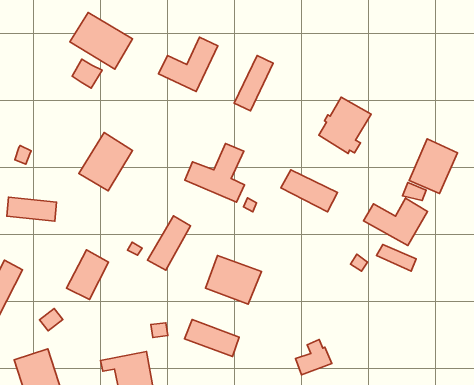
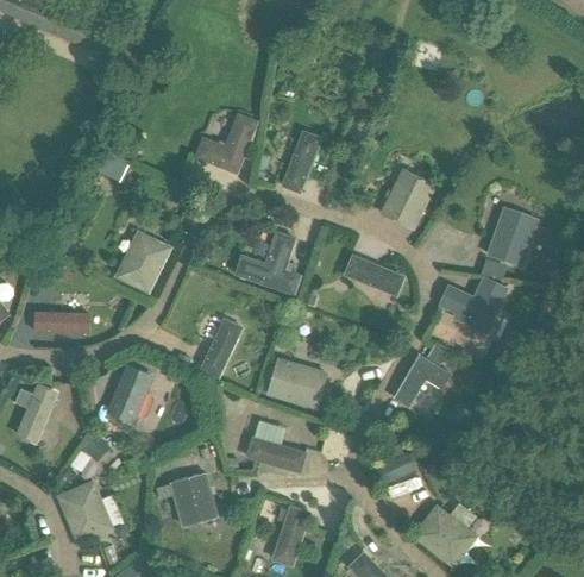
building: [70,12,132,69] -> none
building: none -> [393,356,452,408]

